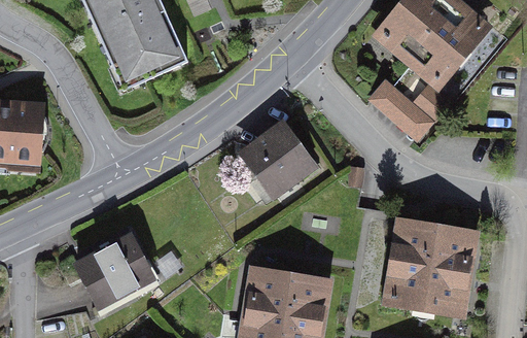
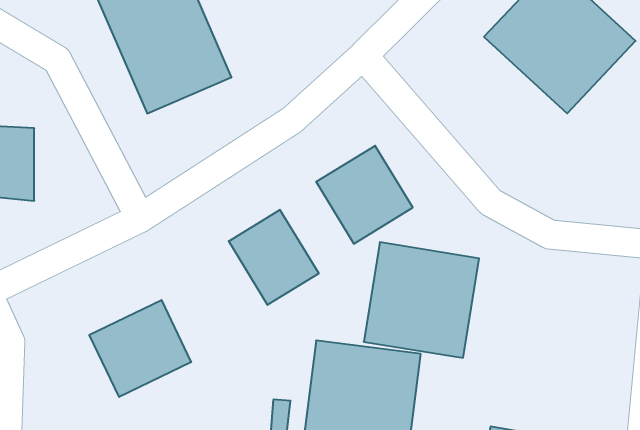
building: [366,70,437,138] -> none
building: none -> [229,210,319,305]
building: [388,223,477,311] -> [364,242,479,358]

